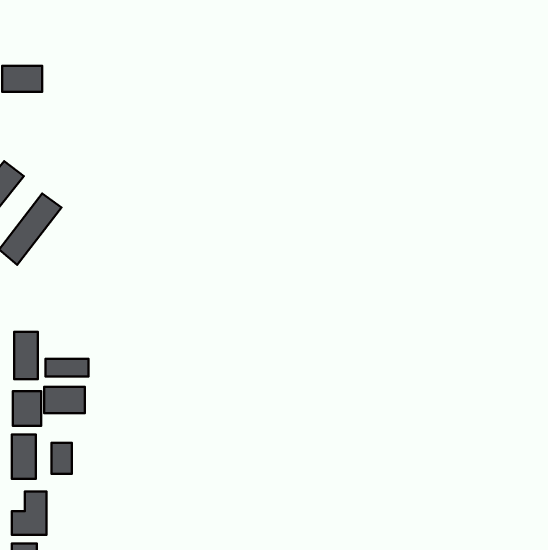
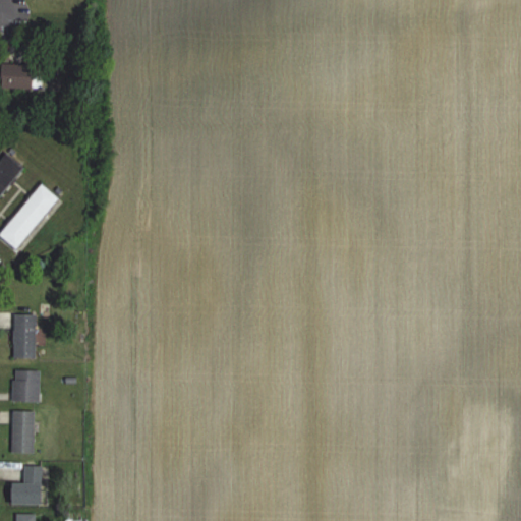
building: [46,359,89,377] -> none
building: [44,387,85,413] -> none
building: [51,443,72,474] -> none

